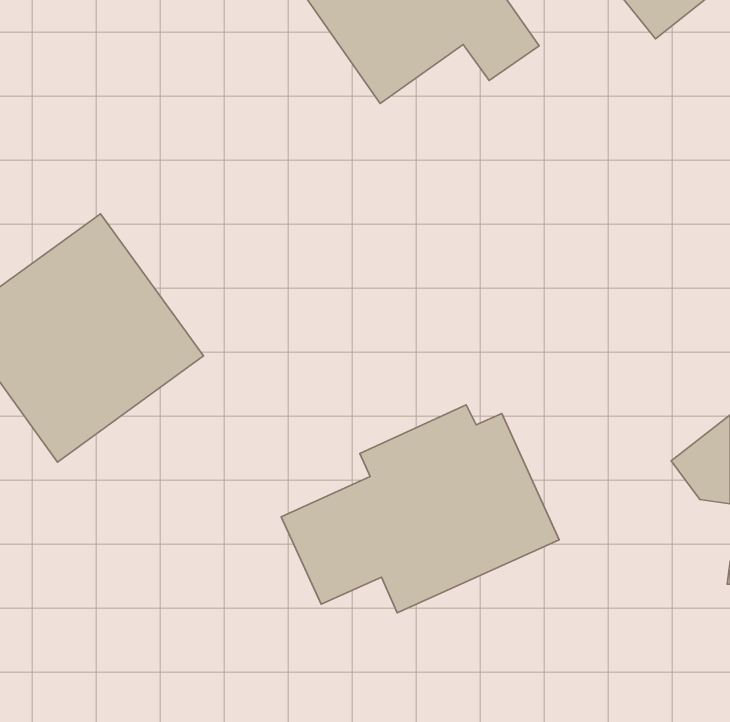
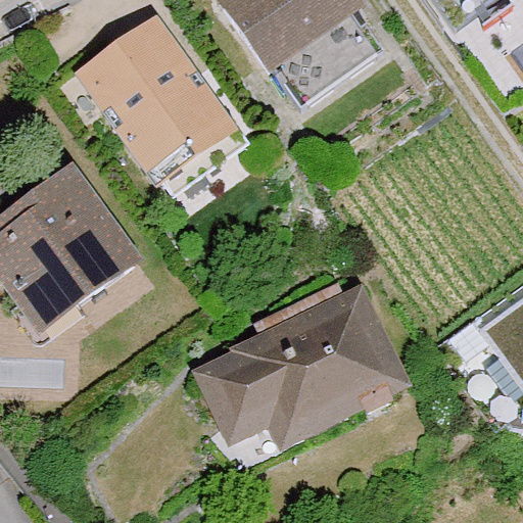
building: none -> [69,14,256,211]

